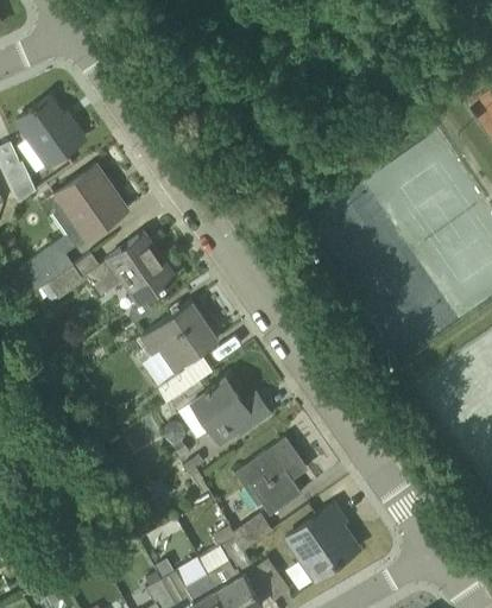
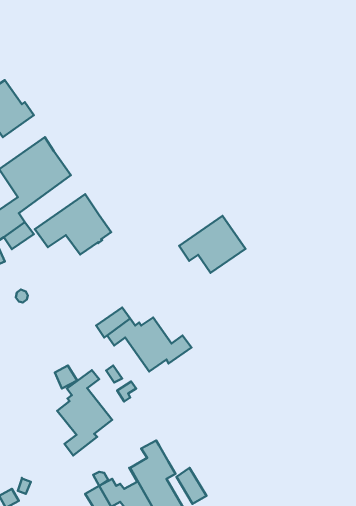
building: [140,302,219,369] -> [179,216,246,273]
building: [235,438,302,515] -> none
building: none -> [57,370,112,456]
building: [286,506,359,581] -> none
building: [233,514,272,551] -> none

